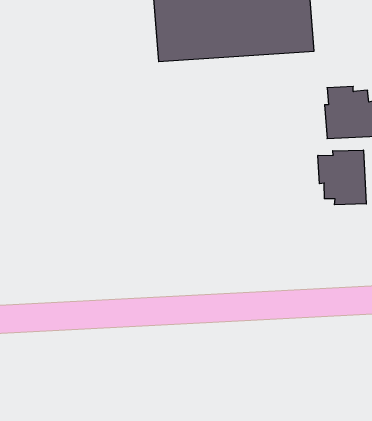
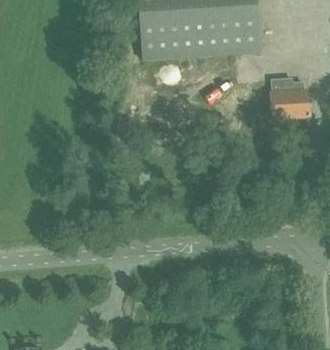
building: [318,150,366,205] -> none

